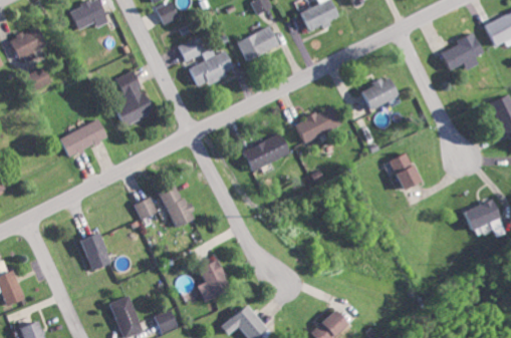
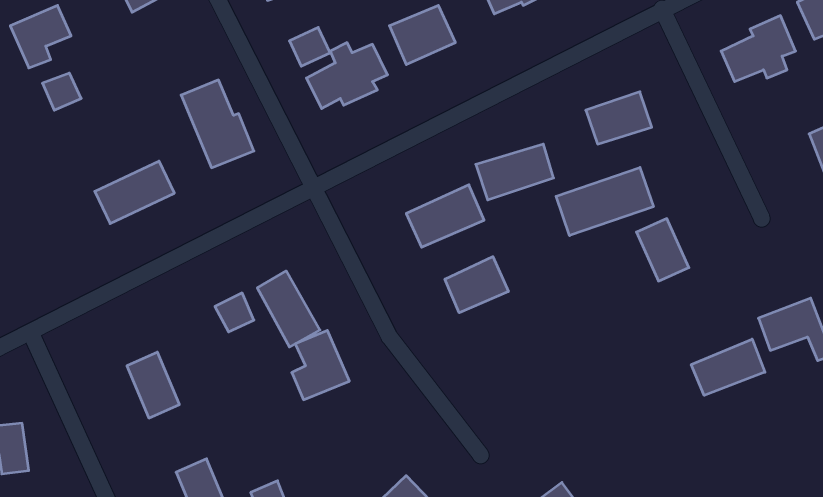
building: none -> [556,167,653,236]
building: none -> [445,257,508,313]
building: none -> [691,339,765,395]
building: [199,261,233,302] -> [292,330,349,400]

